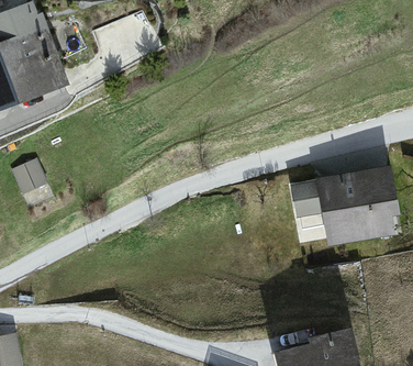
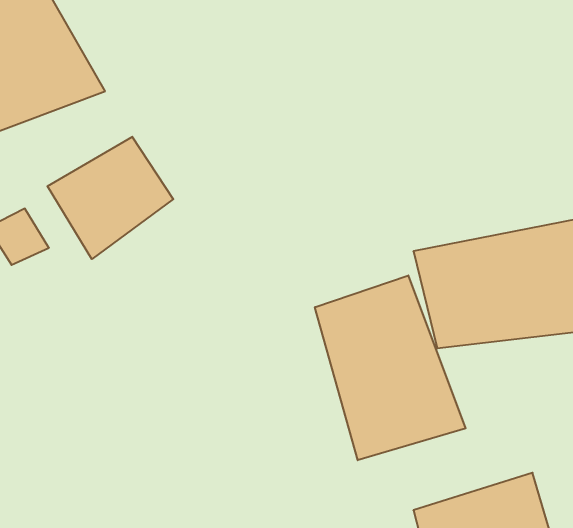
building: none -> [47,137,173,259]
building: none -> [315,275,466,460]

